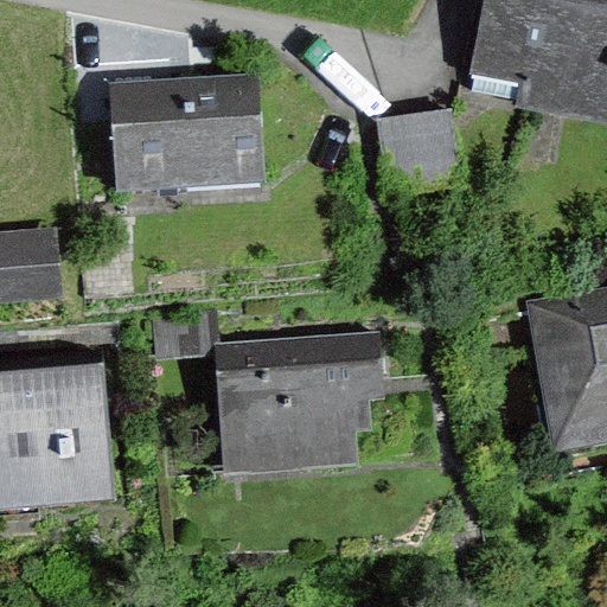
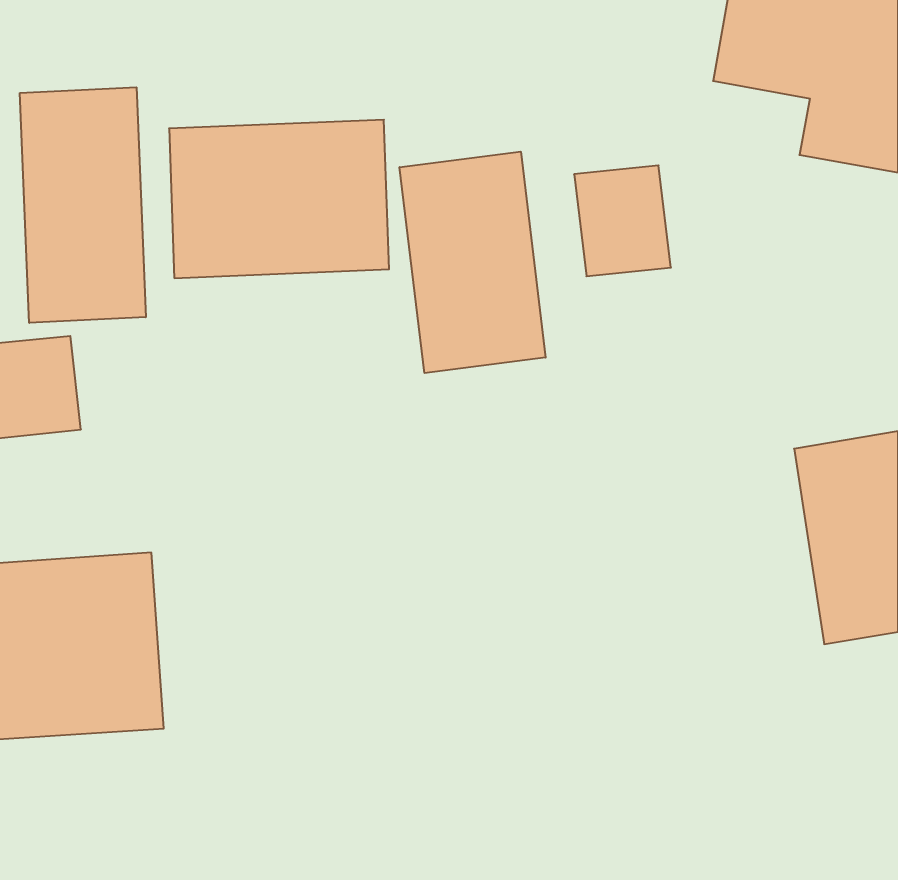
building: none -> [20,87,146,323]
building: none -> [400,152,546,373]
building: [218,336,381,471] -> none

